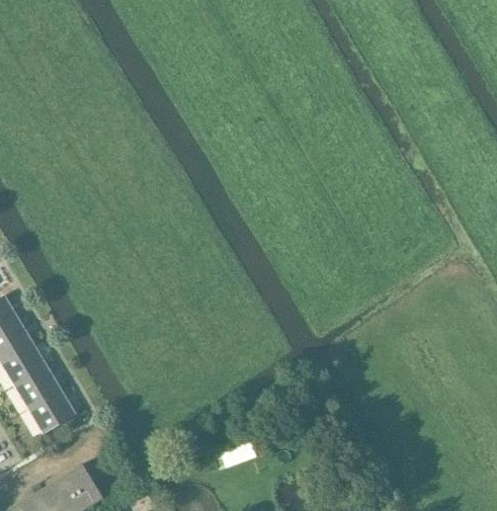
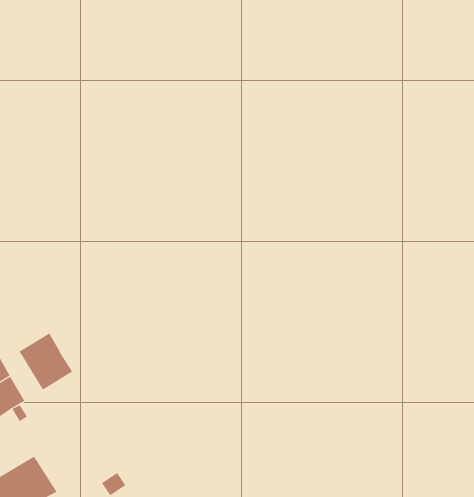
building: none -> [19,332,74,391]

